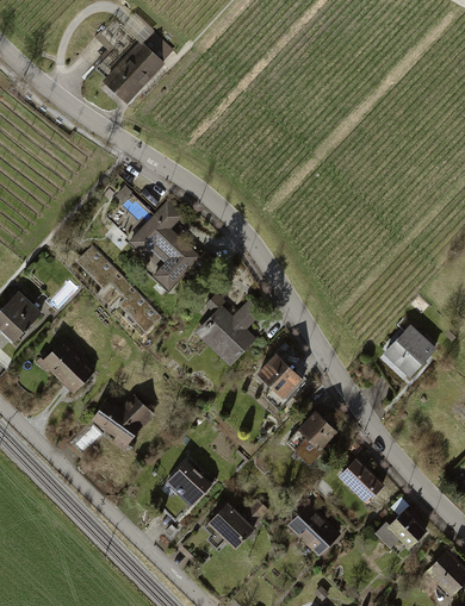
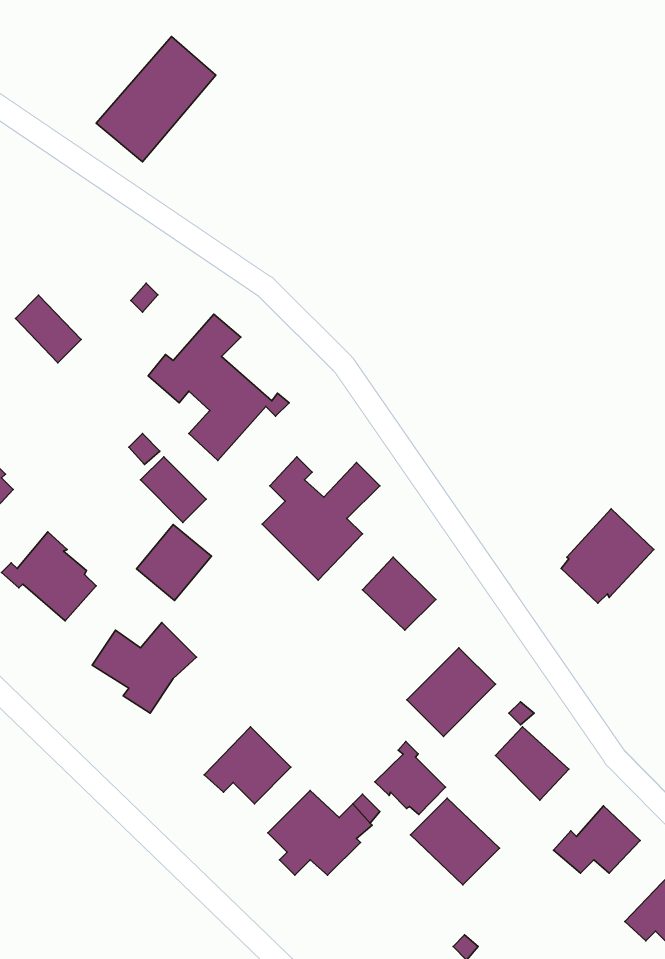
building: [78,246,118,288] -> [16,295,81,363]
building: none -> [136,524,211,601]
building: none -> [375,742,445,815]

